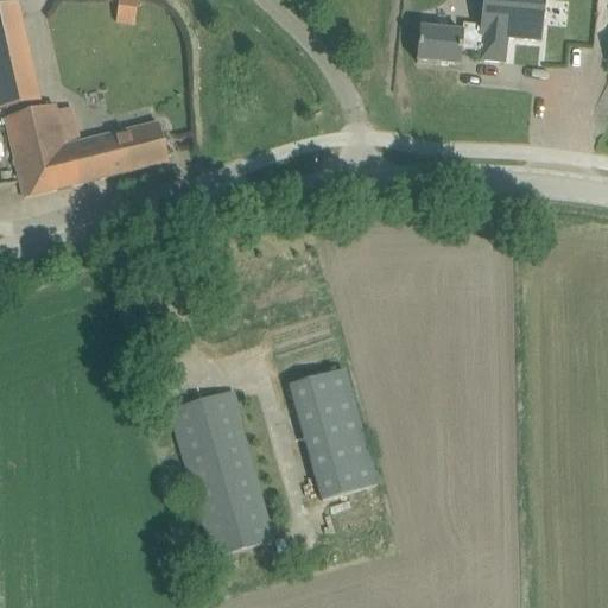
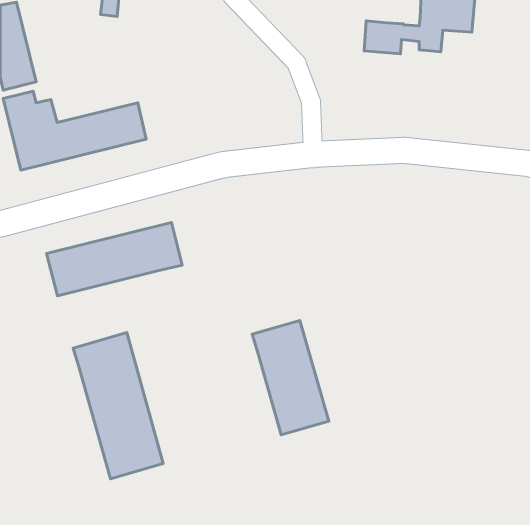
building: none -> [47,223,182,296]
building: [169,388,272,556] -> [73,333,163,479]

